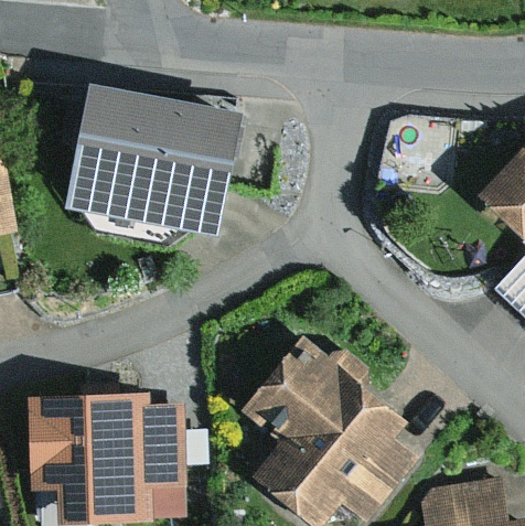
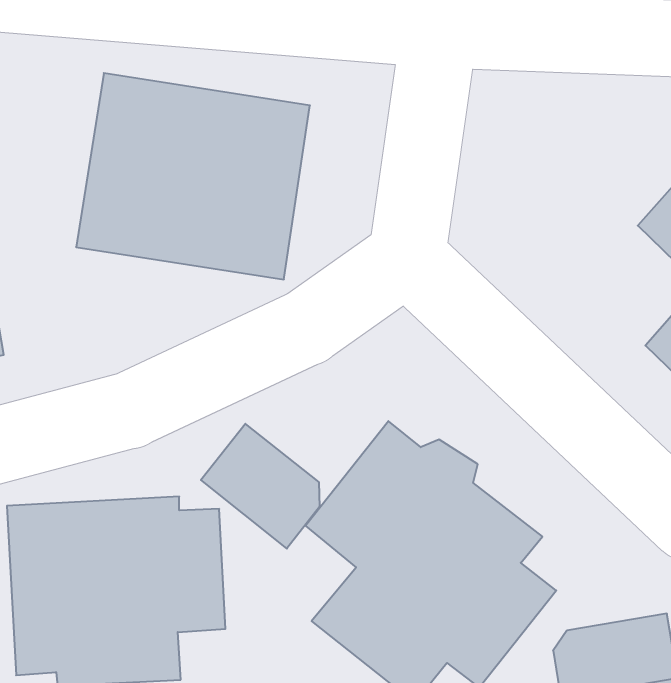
building: none -> [201,424,319,549]

